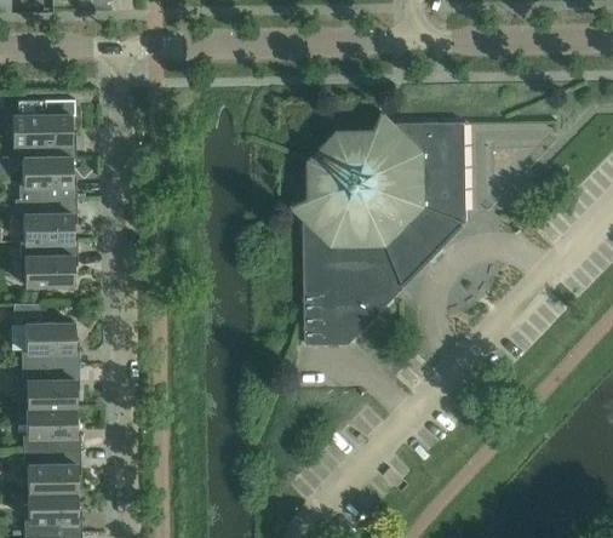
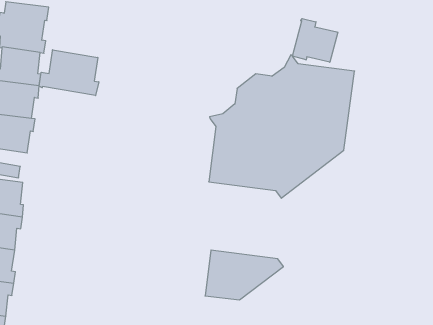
building: none -> [293,19,338,62]
building: none -> [39,50,99,96]
building: [304,285,397,344] -> [205,250,283,300]

